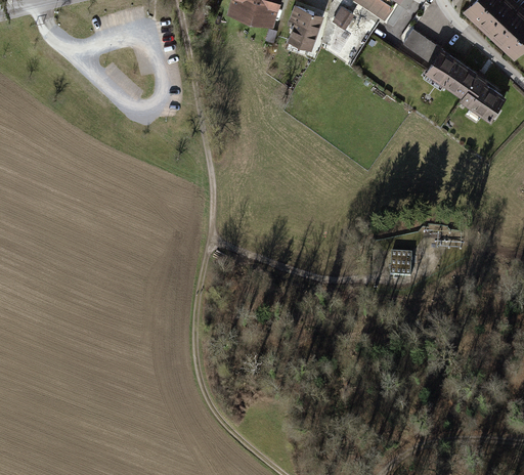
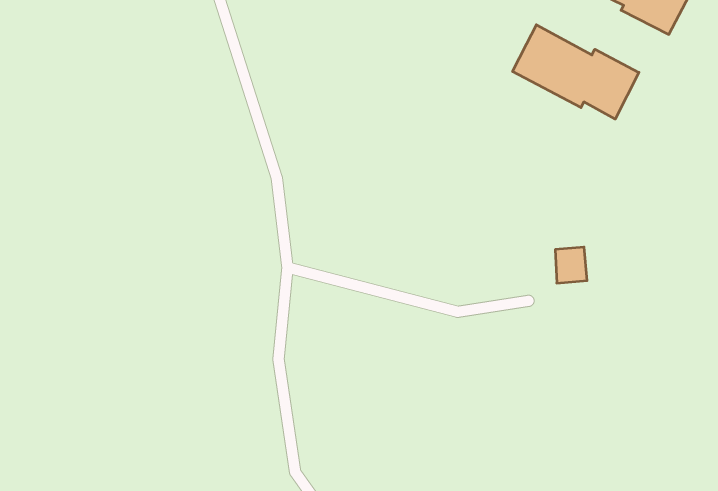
building: none -> [513,25,639,119]

